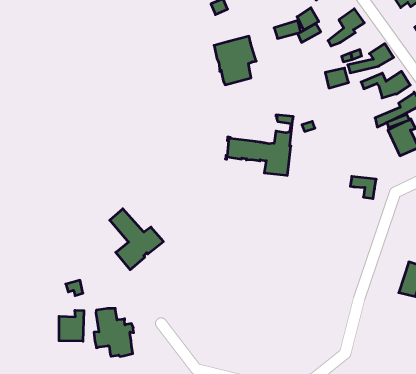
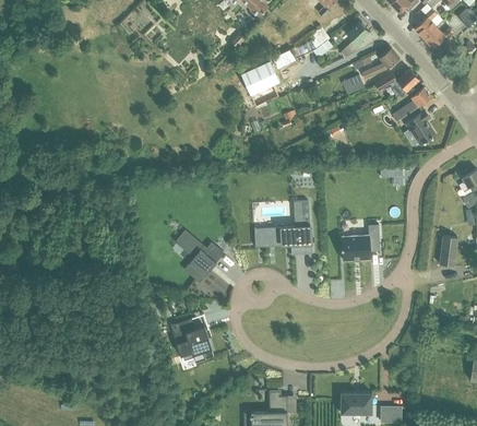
building: [225,115,293,175] -> [254,200,312,253]
building: none -> [342,224,380,259]
building: [59,310,84,341] -> none

